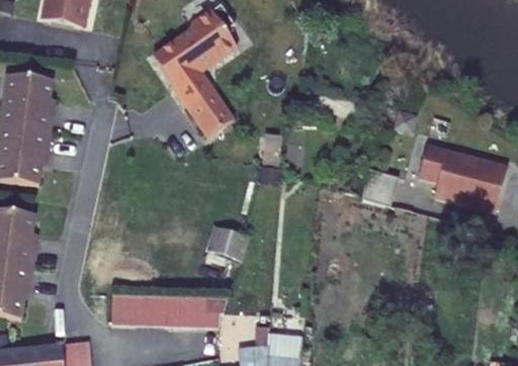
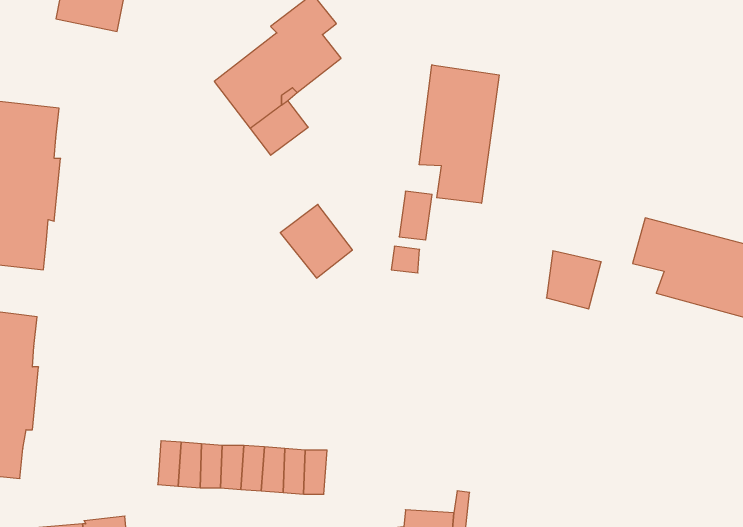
building: none -> [419,65,499,203]
building: [183,90,230,138] -> [280,204,352,278]
building: [210,222,253,259] -> none

